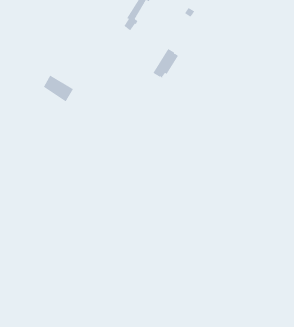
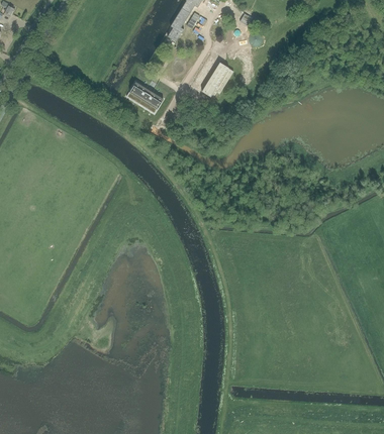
building: [43,75,74,102] -> [126,82,163,114]

